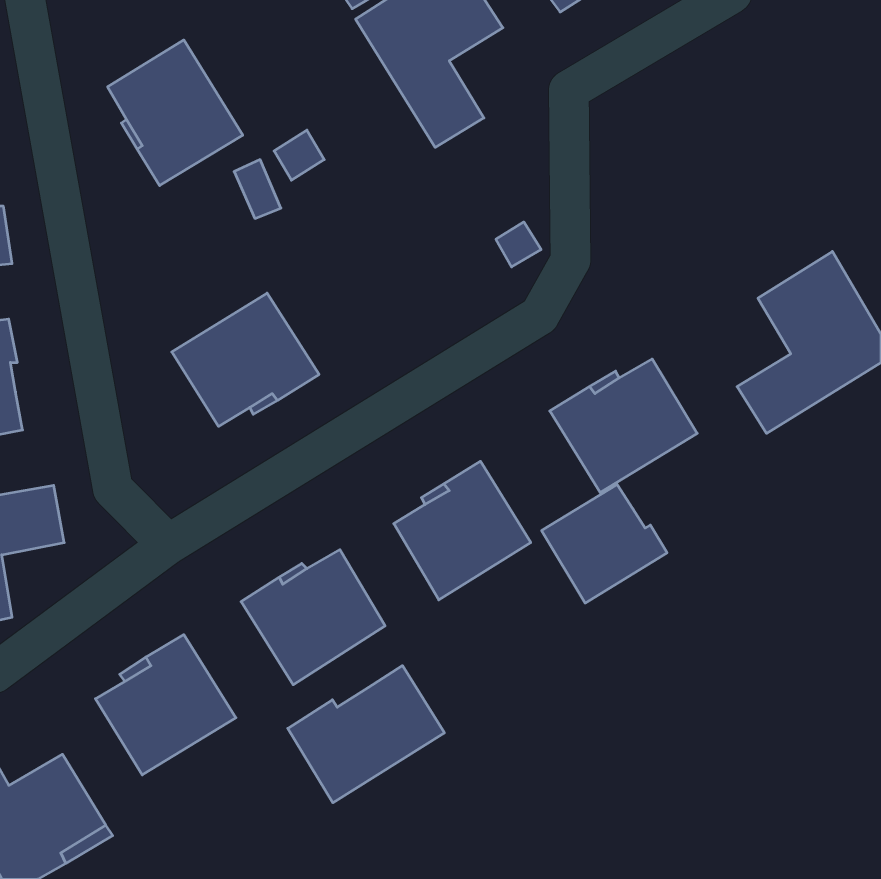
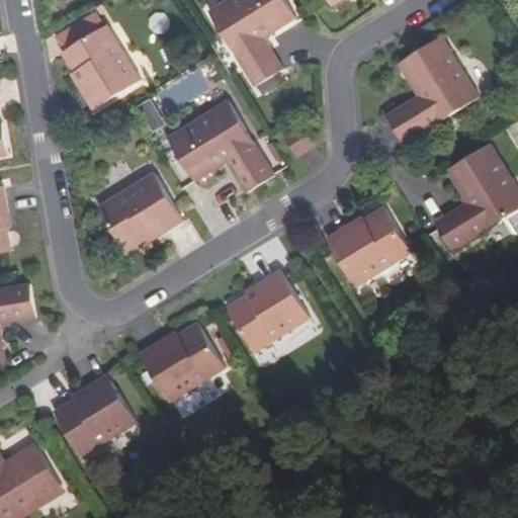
building: none -> [382,40,474,146]
building: none -> [168,101,273,192]
building: [542,485,667,603] -> none
building: [288,666,444,803] -> none

